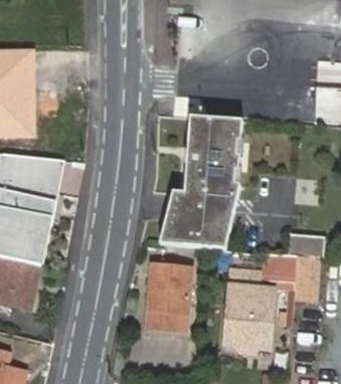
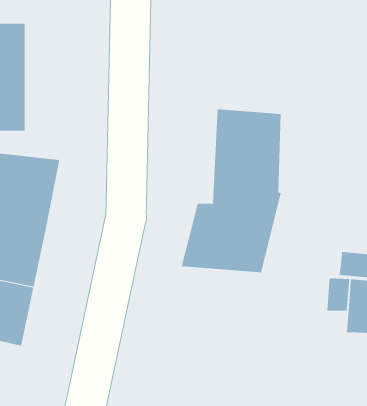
building: [145,266,191,334] -> none
building: [225,283,274,350] -> none

